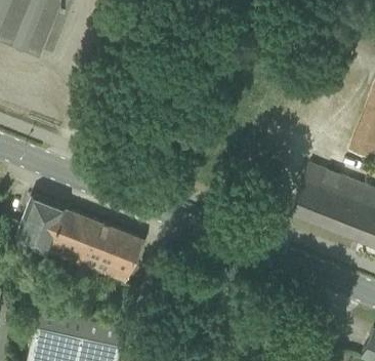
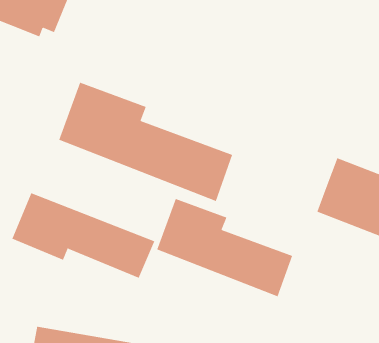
building: none -> [58,82,233,202]
building: none -> [157,198,293,297]

